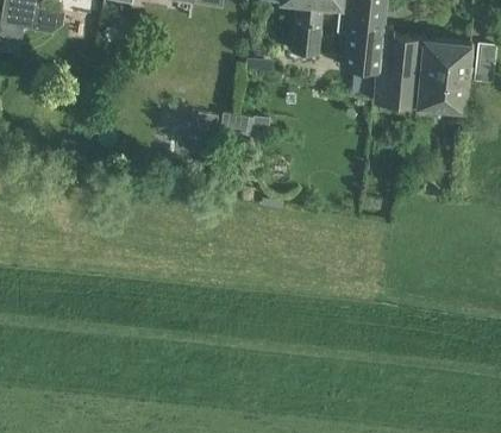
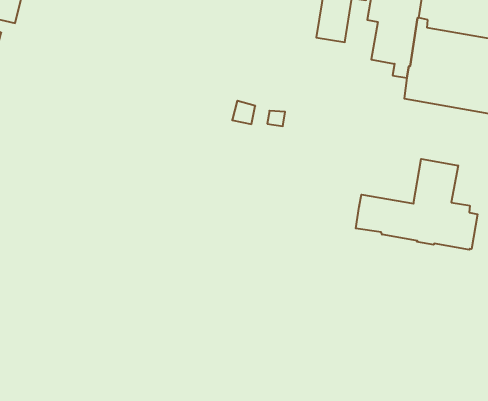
building: none -> [356,159,478,250]

